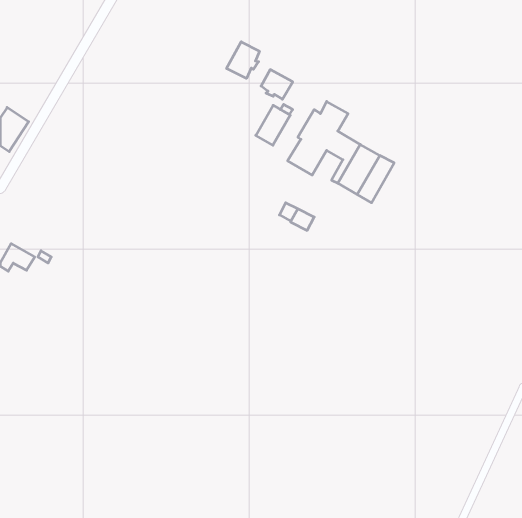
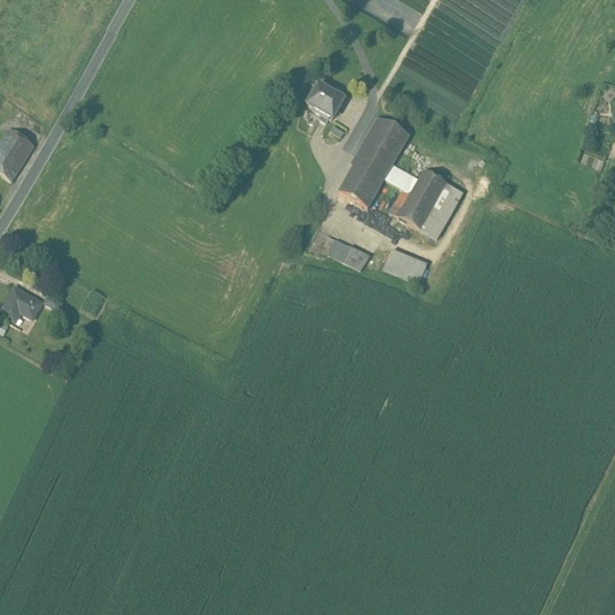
building: [227,42,259,78] -> none
building: [256,105,290,145] -> none
building: none -> [382,247,426,282]

